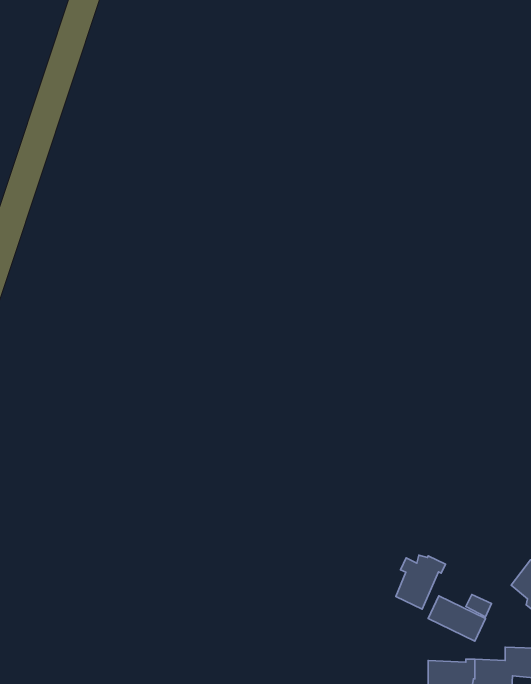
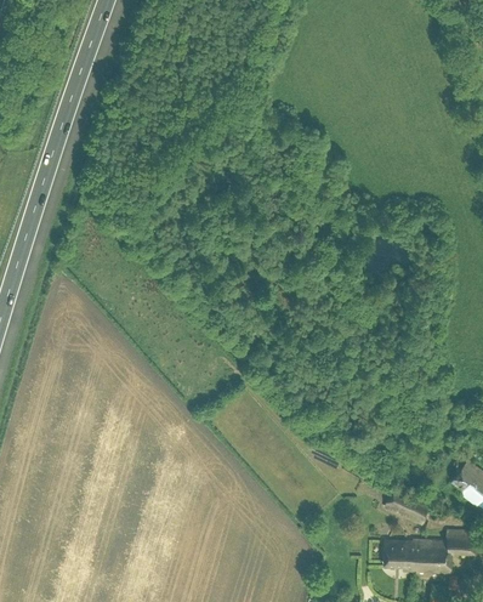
building: [396,555,445,609] -> none

